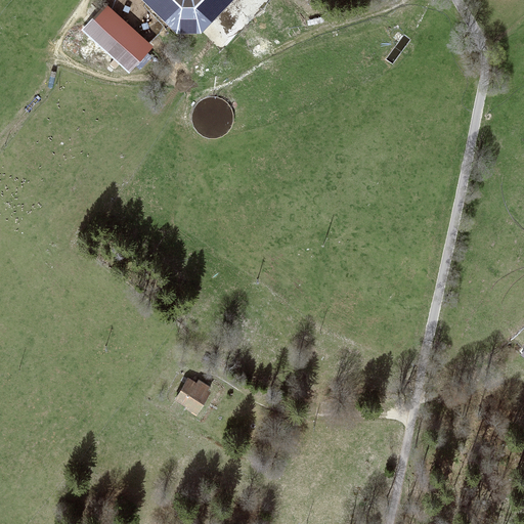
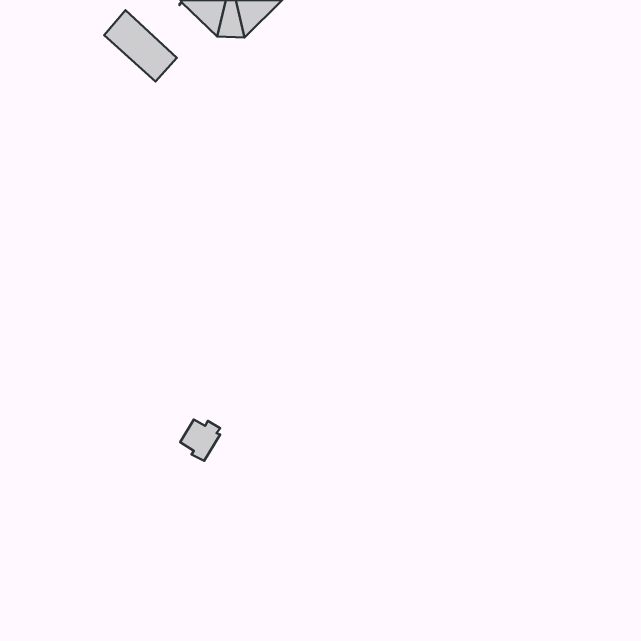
building: [176,379,209,412] -> [180,420,220,461]

